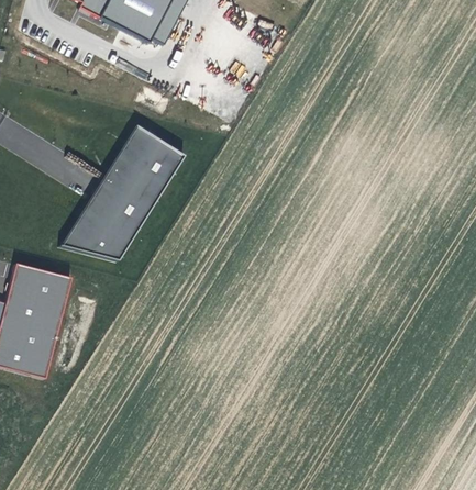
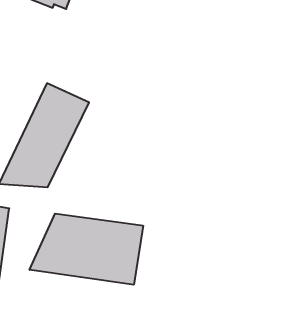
building: none -> [30,214,143,285]

